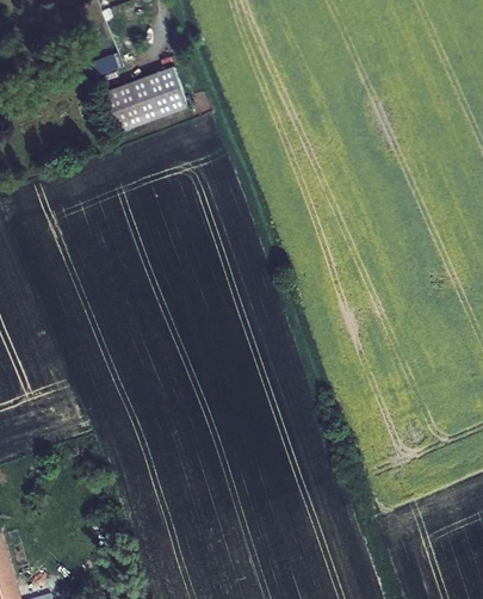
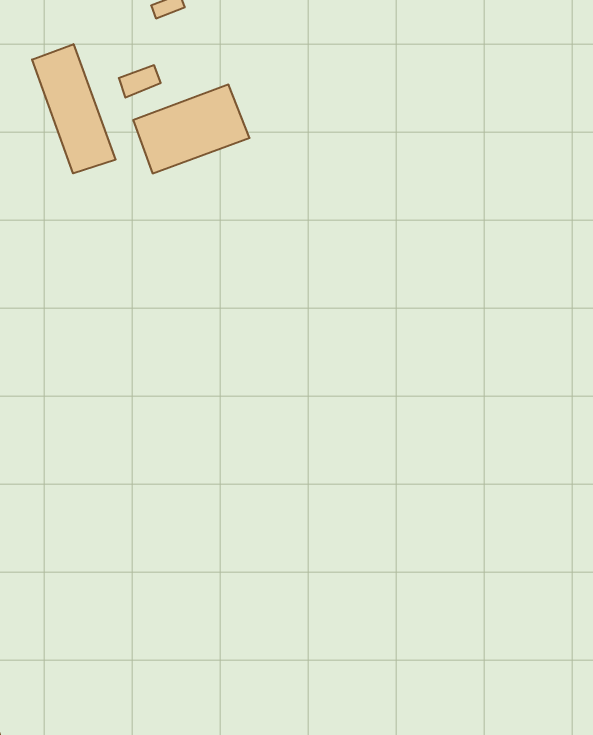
building: none -> [32,44,116,173]

